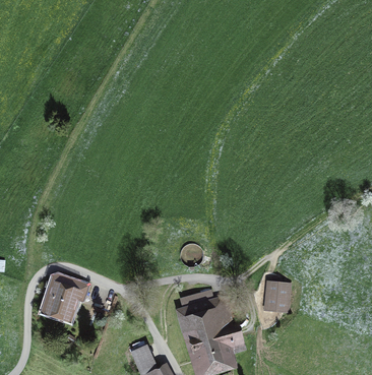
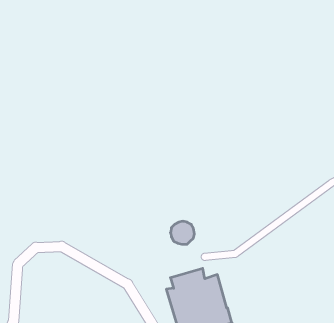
building: [44,274,87,316] -> none
building: [265,280,290,310] -> none

